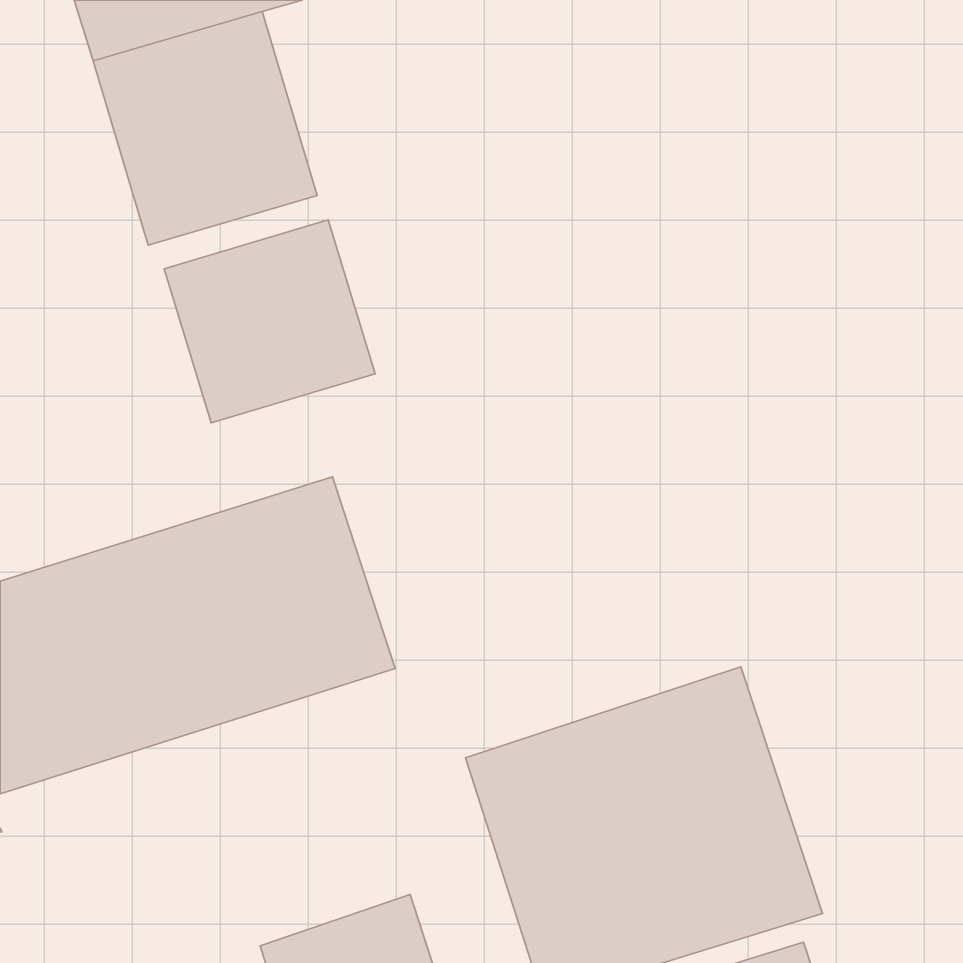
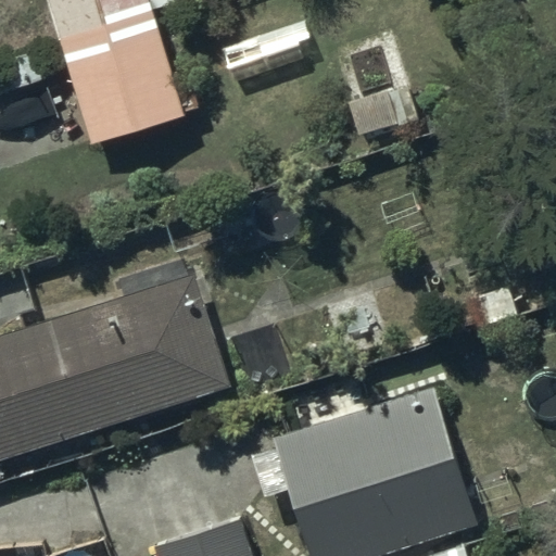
building: [164,220,375,423] -> none

